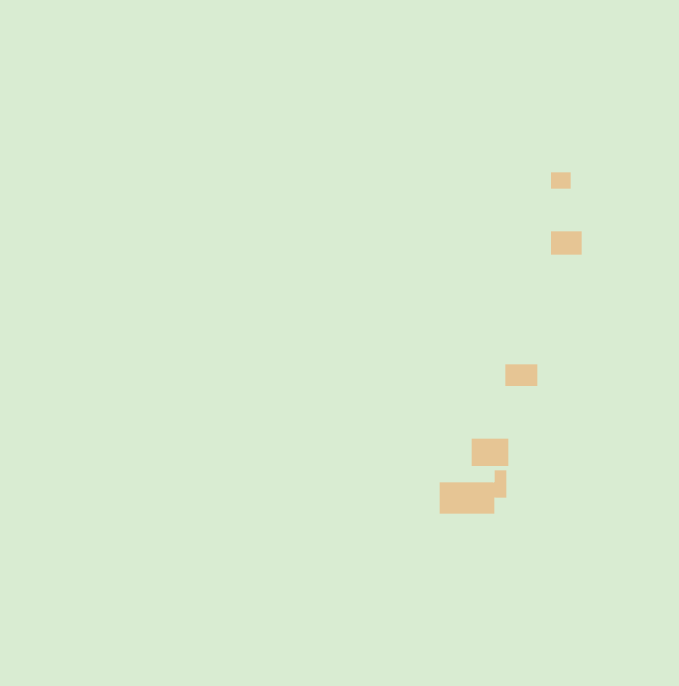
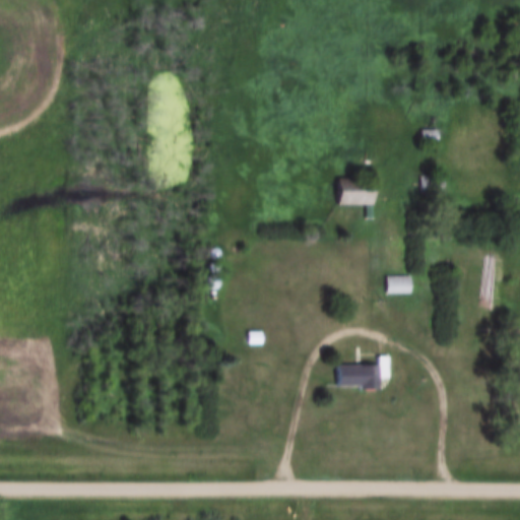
building: none -> [337,179,373,205]
building: [471,438,509,467] -> none

